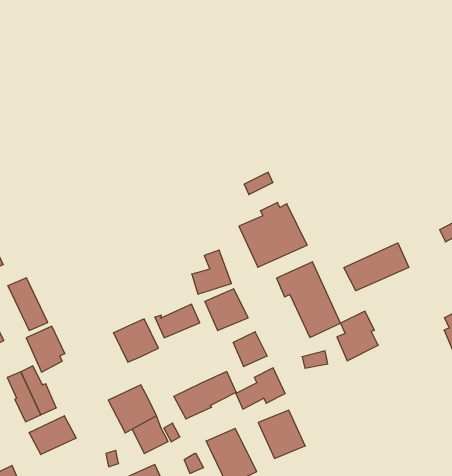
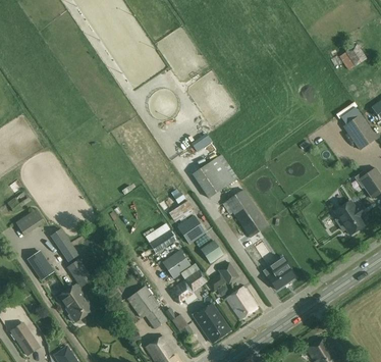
building: [344,243,409,291] -> none
building: [337,311,378,361] -> [267,256,294,290]
building: [113,319,158,362] -> [161,249,192,278]
building: [29,416,76,455] -> none

